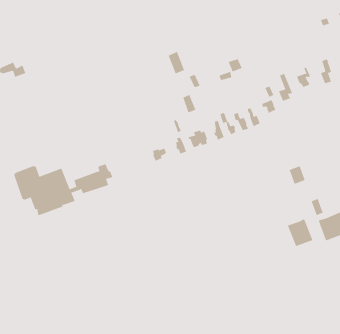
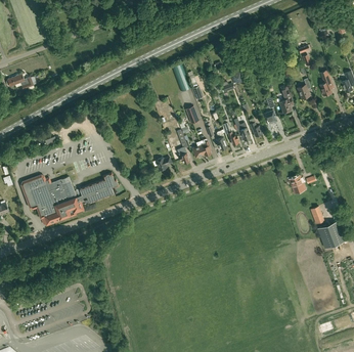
building: [287,219,313,247] -> none

